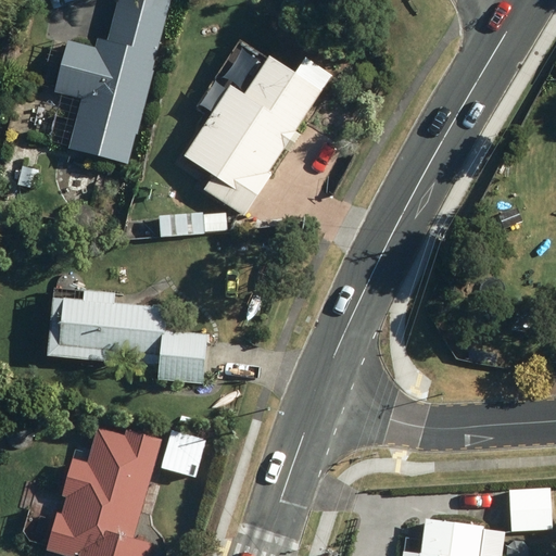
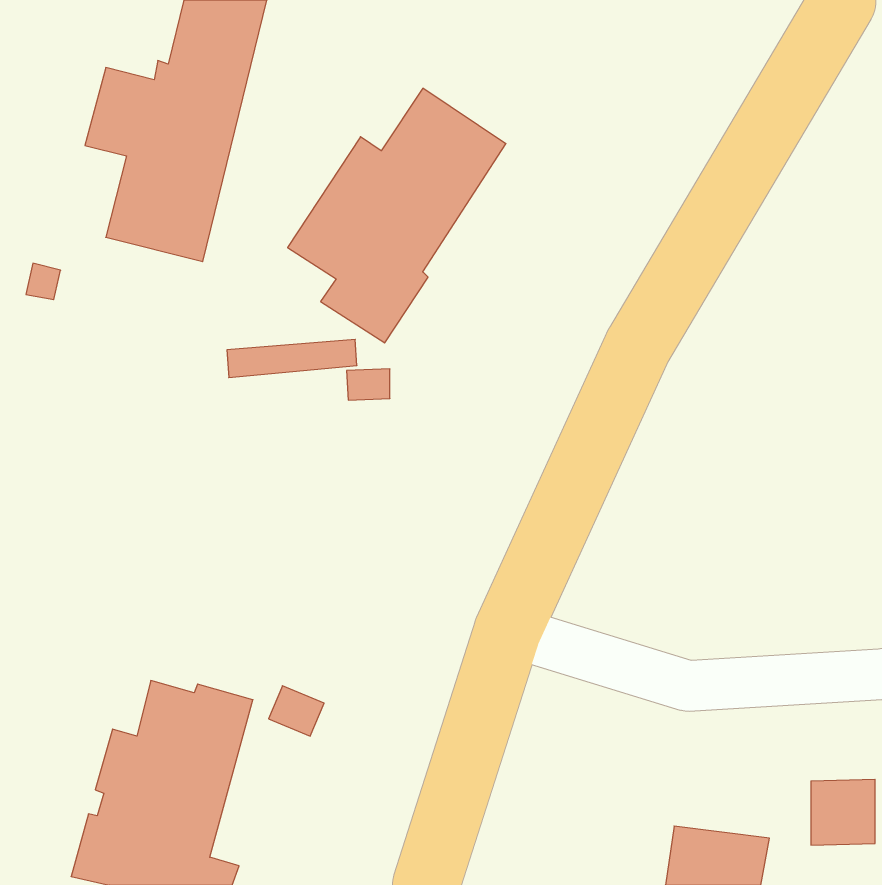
building: [45,290,207,384] -> none

